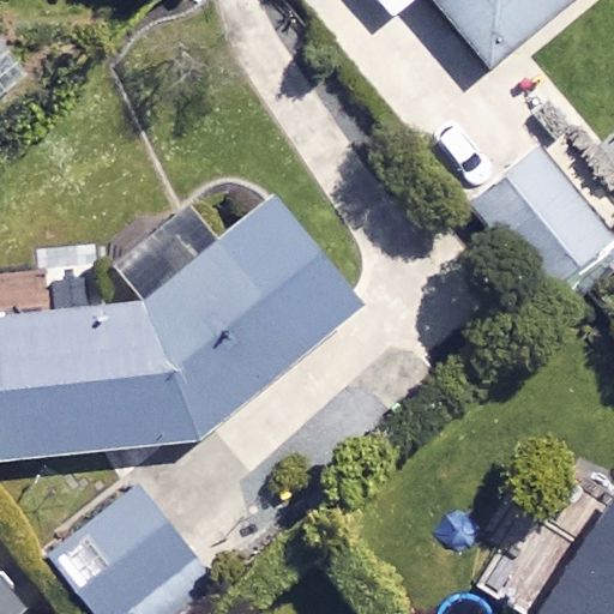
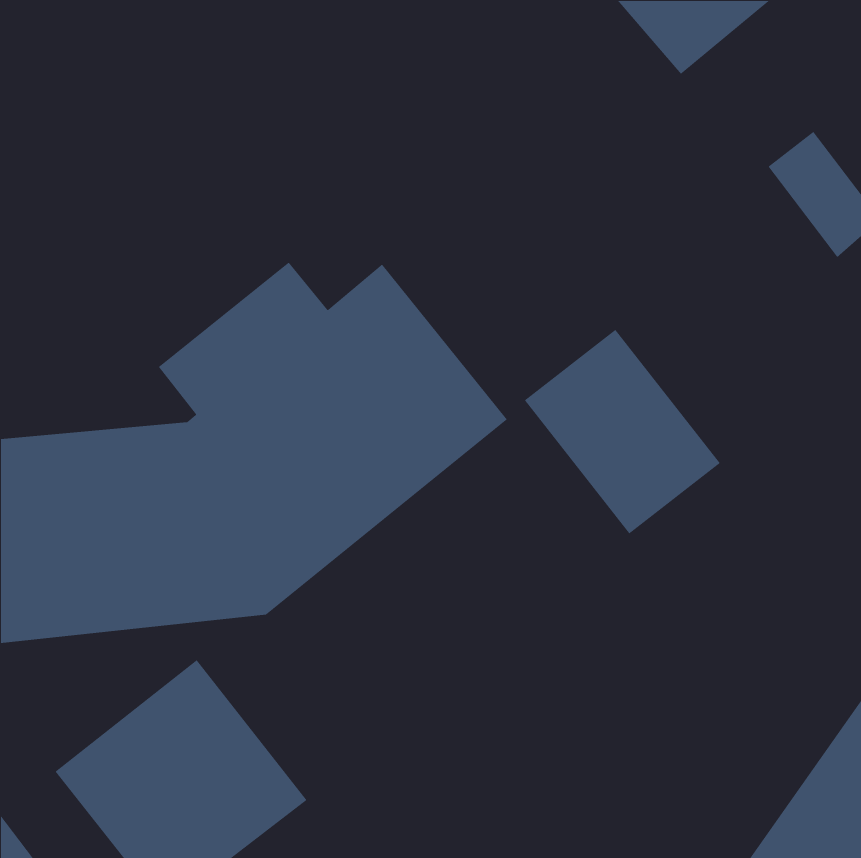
building: [469,144,608,289] -> [524,329,721,535]

